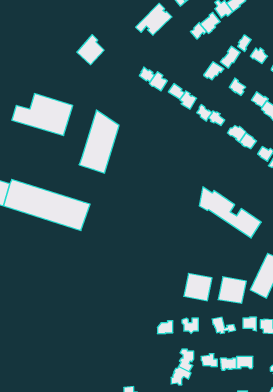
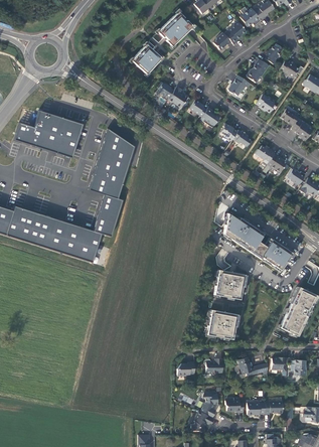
building: [77,35,104,65] -> [131,41,161,74]
building: none -> [95,194,123,237]
building: [218,277,246,303] -> [212,270,244,299]

